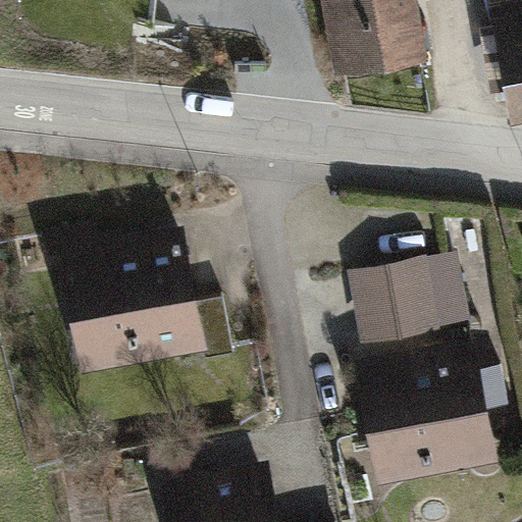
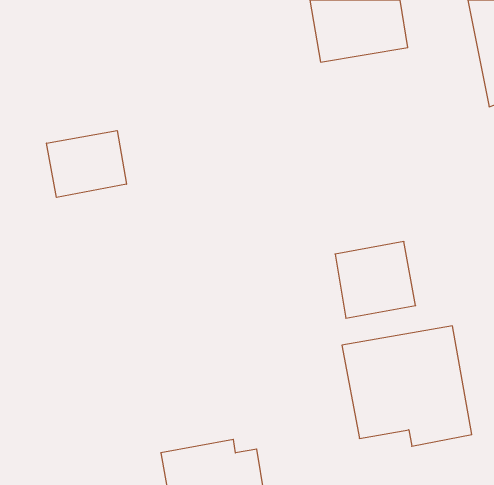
building: none -> [47,131,126,197]
building: [45,227,236,366] -> none

